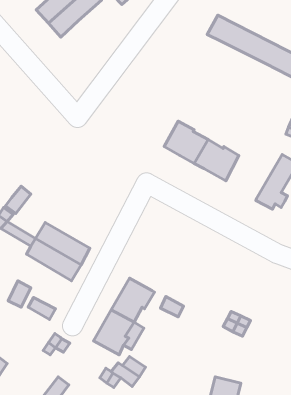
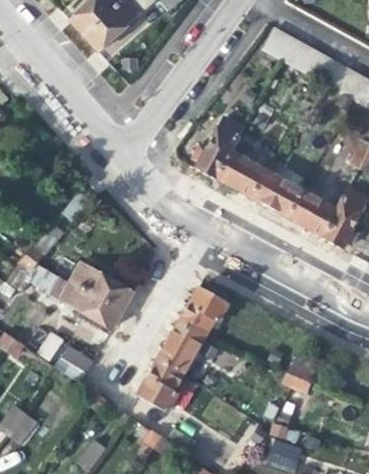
building: none -> [192,115,244,179]
building: none -> [286,187,337,236]
building: none -> [176,288,227,340]

